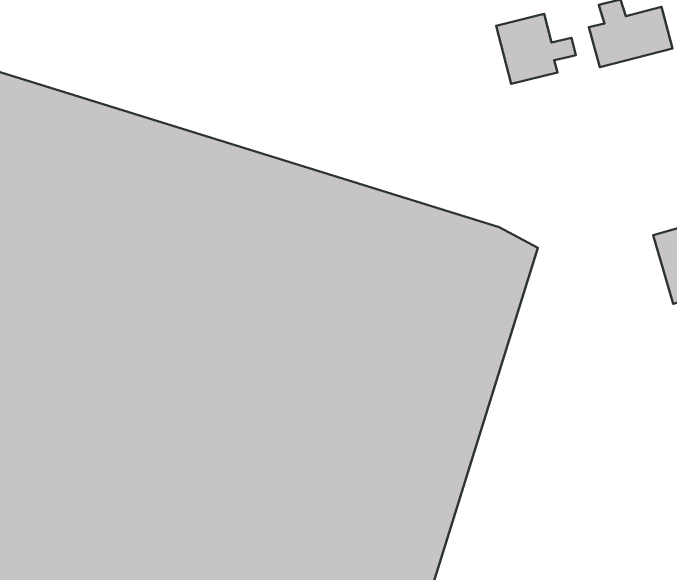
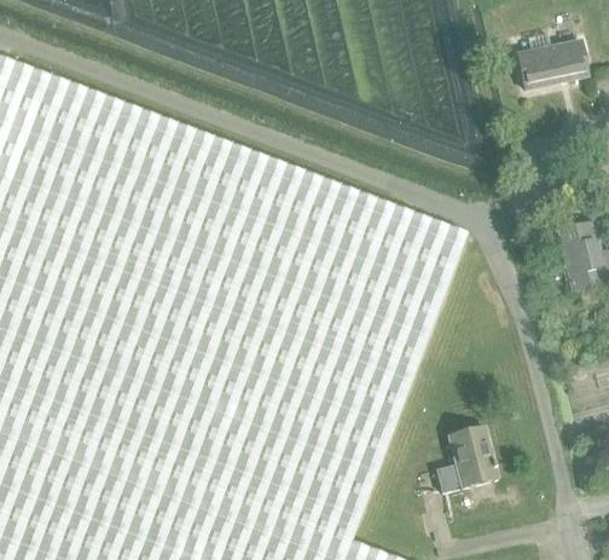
building: [496,14,576,84] -> none
building: none -> [434,428,498,493]

